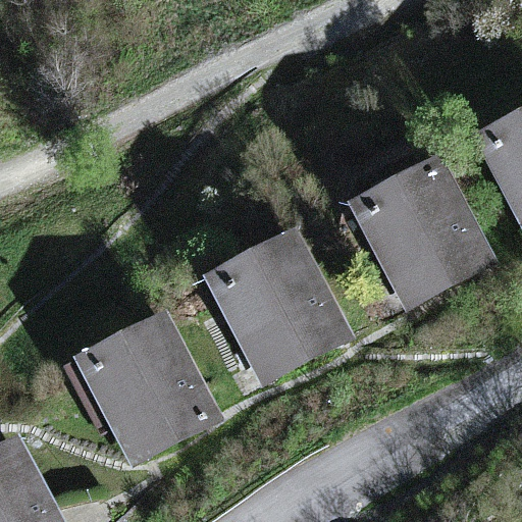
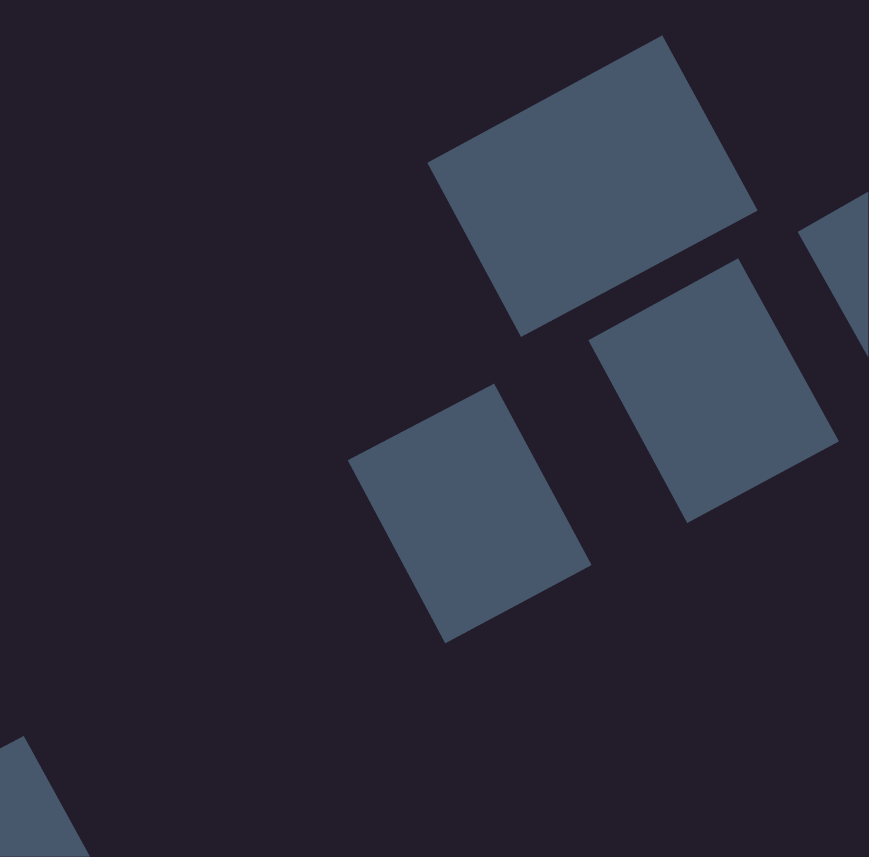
building: none -> [427,35,759,338]
building: [72,309,224,469] -> none

